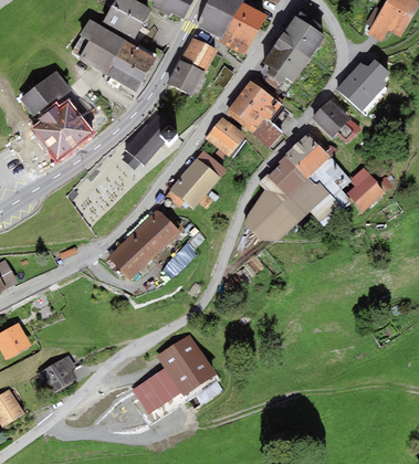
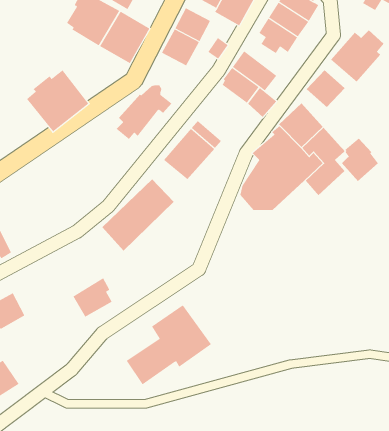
building: [19,70,71,115] -> none
building: [205,115,245,156] -> none
building: [36,355,76,394] -> [73,278,112,317]

